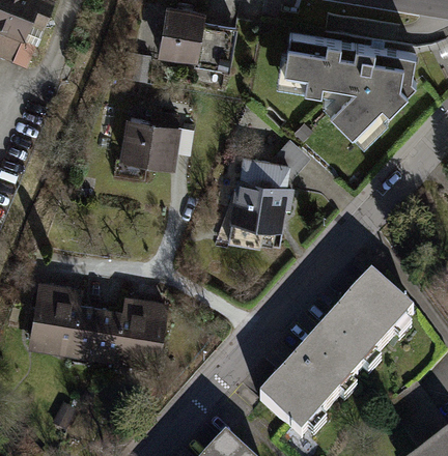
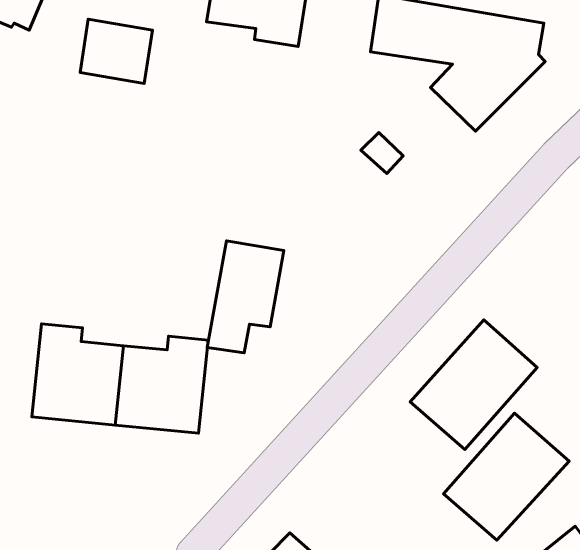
building: [120,119,175,168] -> [80,19,152,84]
building: [227,161,285,246] -> [207,241,284,353]
building: [258,343,354,439] -> [444,413,569,540]

